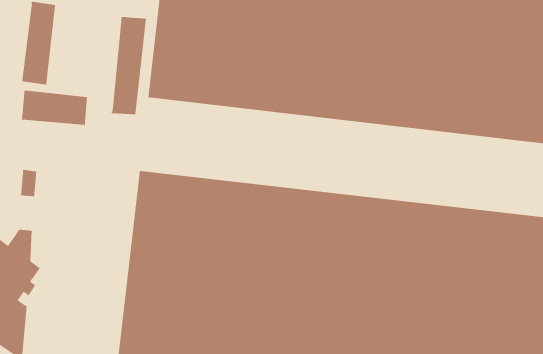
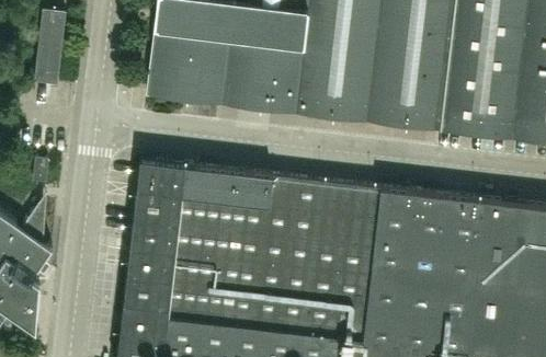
building: [111,16,147,115] -> none
building: [21,89,88,127] -> none

